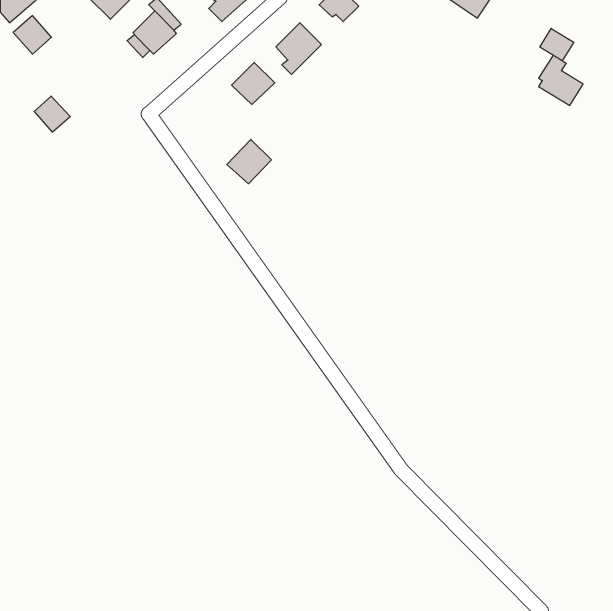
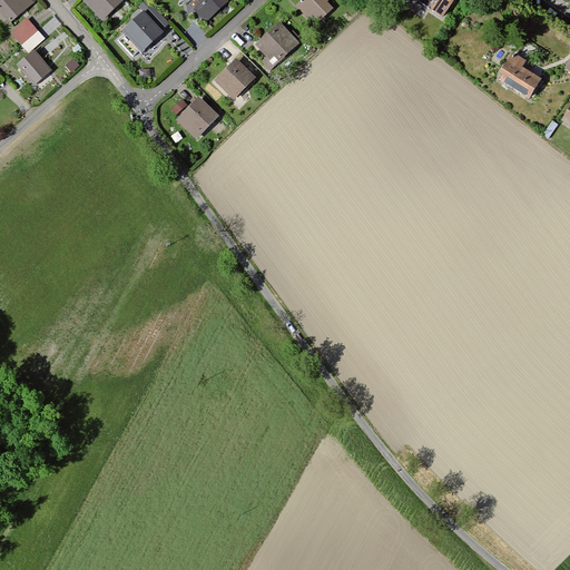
building: [540,28,574,61] -> none
building: [34,96,70,132] -> [18,49,51,82]
building: [227,139,271,184] -> [176,96,217,137]

